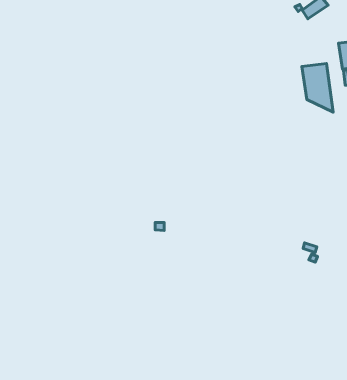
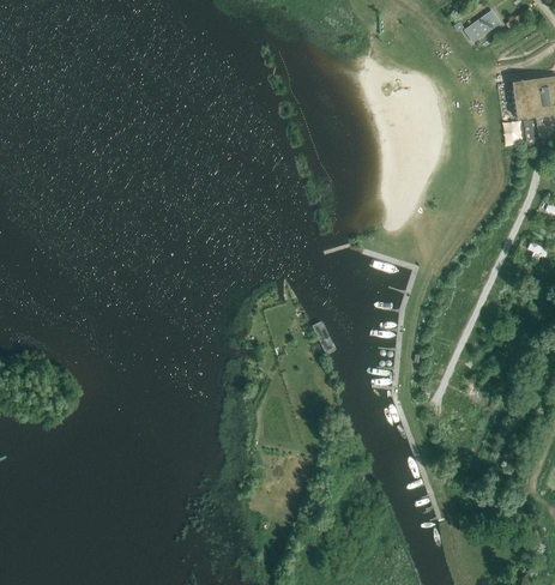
building: [302,64,333,112] -> none

